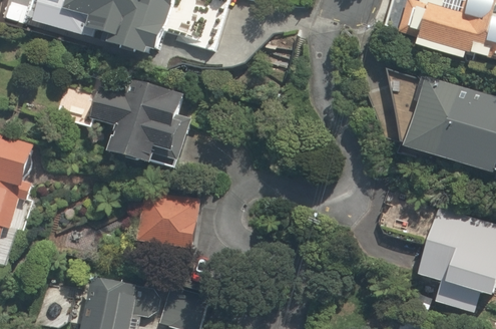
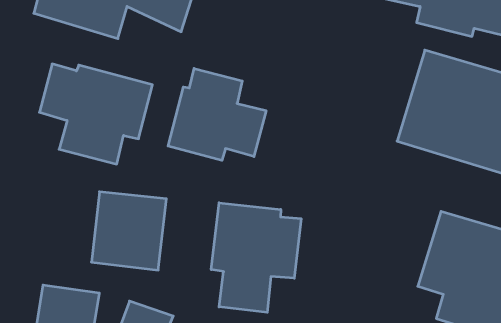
building: none -> [168,68,266,160]
building: none -> [211,203,301,312]

